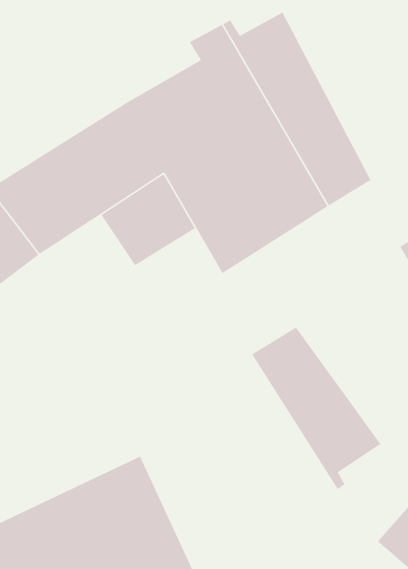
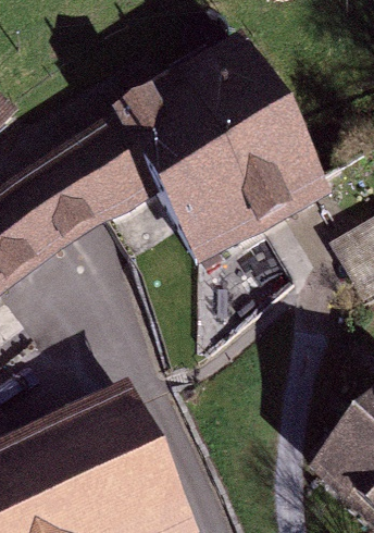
building: [251,326,382,490] -> none

